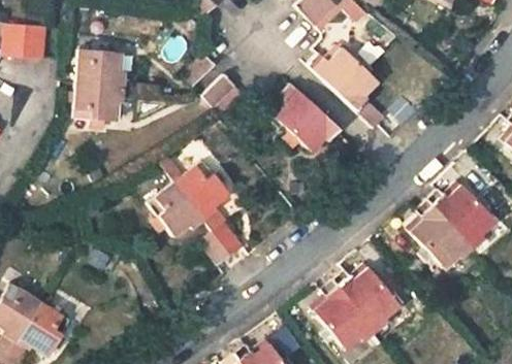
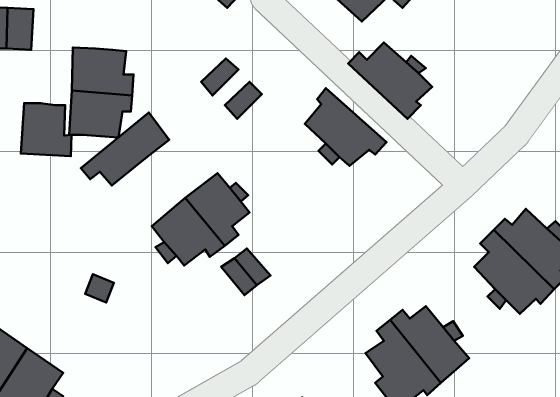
building: none -> [21,103,71,156]
building: none -> [81,113,169,186]

